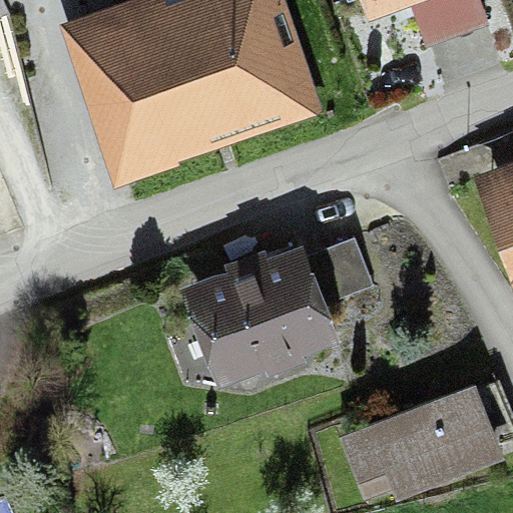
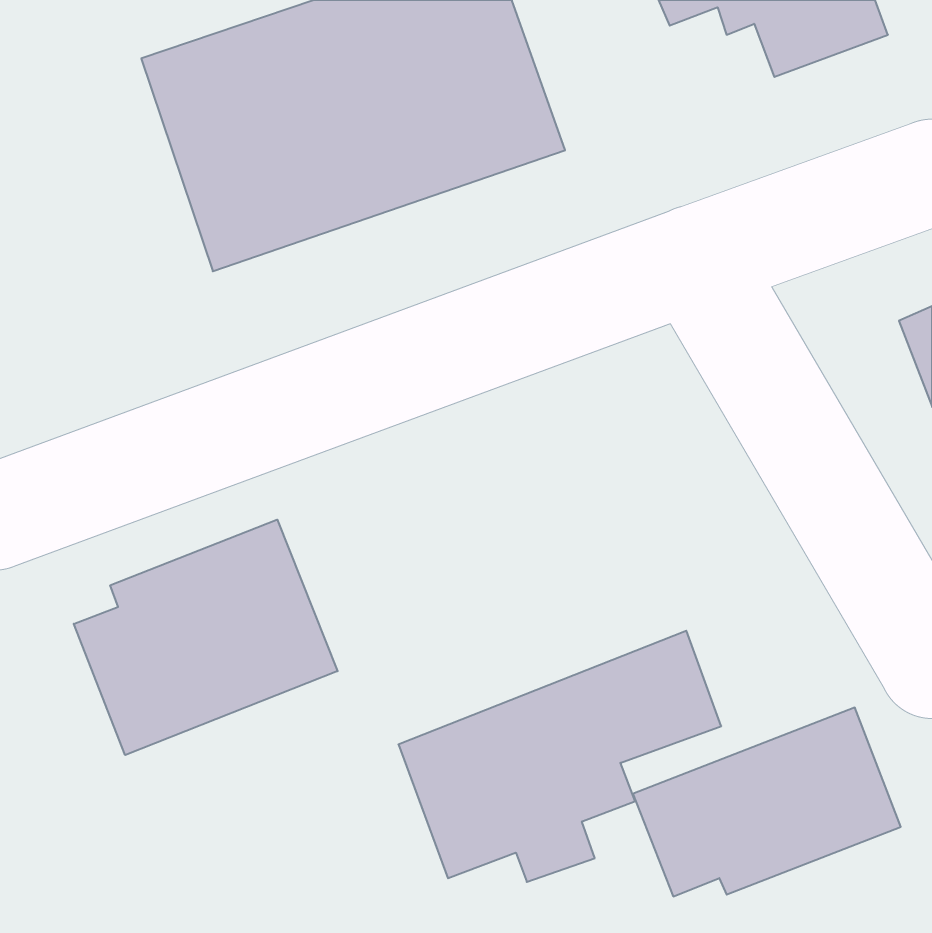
building: [196,235,373,373] -> [398,631,721,882]
building: none -> [74,520,338,755]

